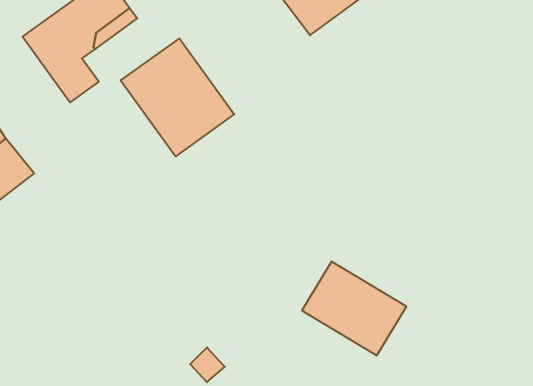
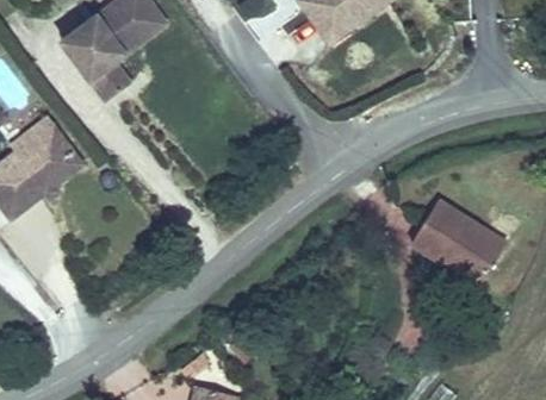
building: [121,38,234,156] -> none
building: [302,261,406,356] -> [409,192,505,279]

